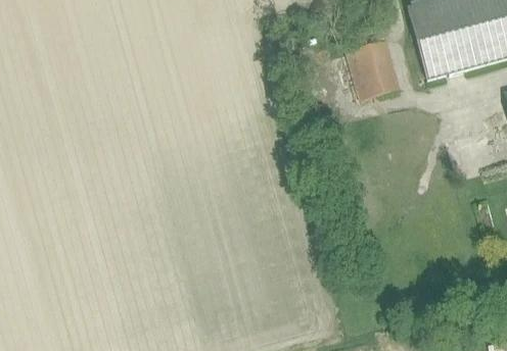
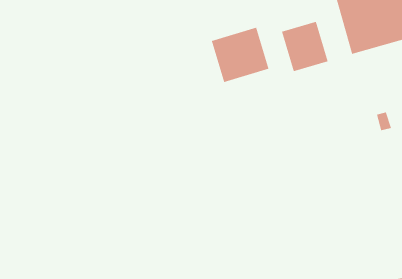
building: none -> [211,27,269,83]

